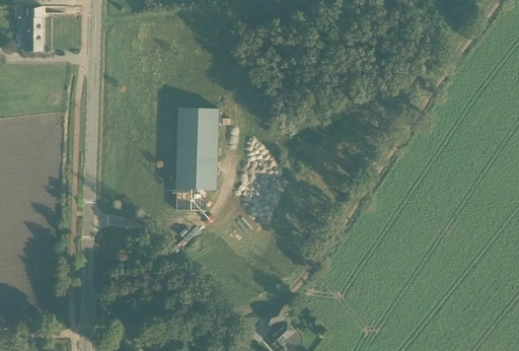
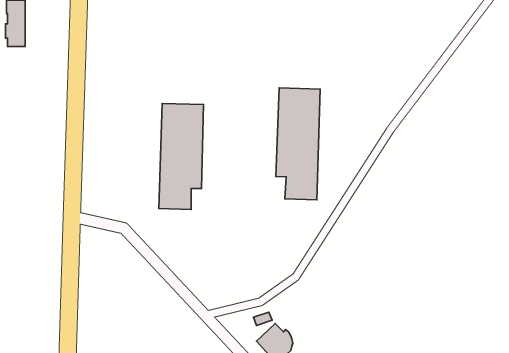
building: none -> [276,88,320,200]

